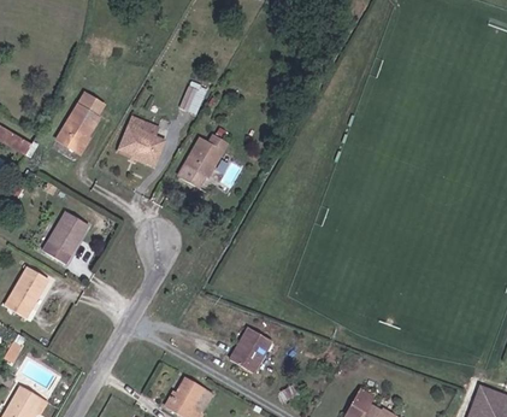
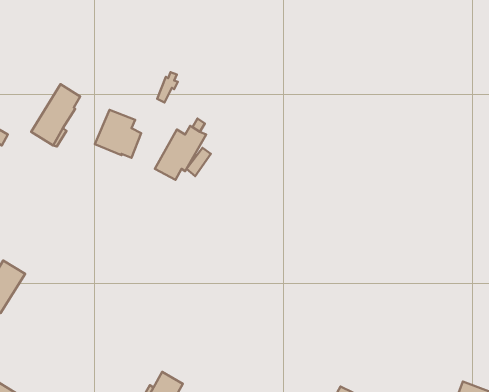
building: [42,210,89,264] -> none
building: [230,325,271,372] -> none

